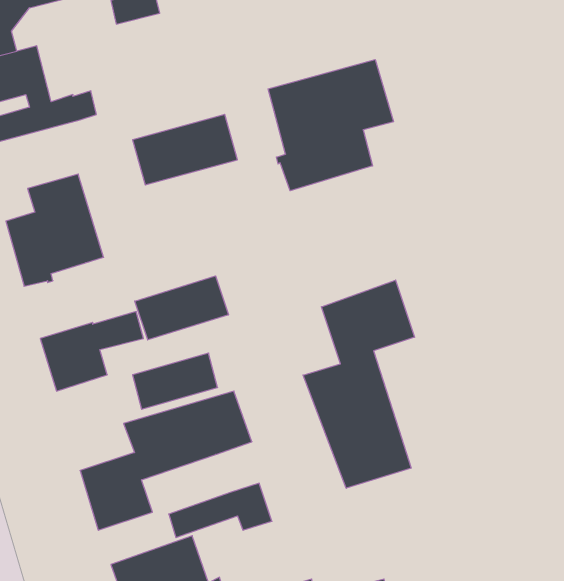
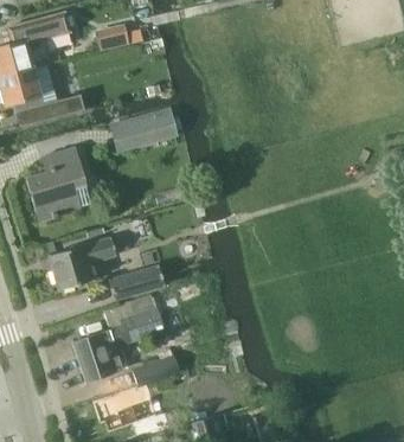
building: [268,60,393,191] -> none
building: [135,276,228,340] -> none
building: [303,280,415,488] -> none

